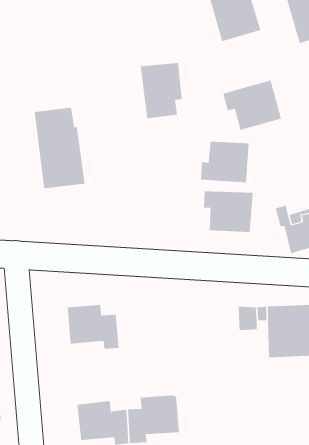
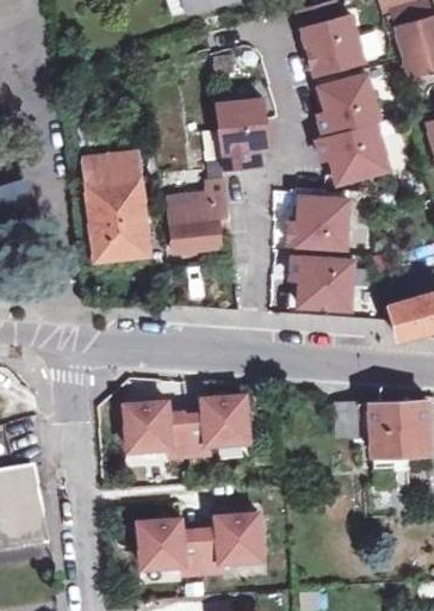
building: none -> [318,76,379,138]
building: none -> [167,136,228,254]
building: none -> [186,395,248,453]

